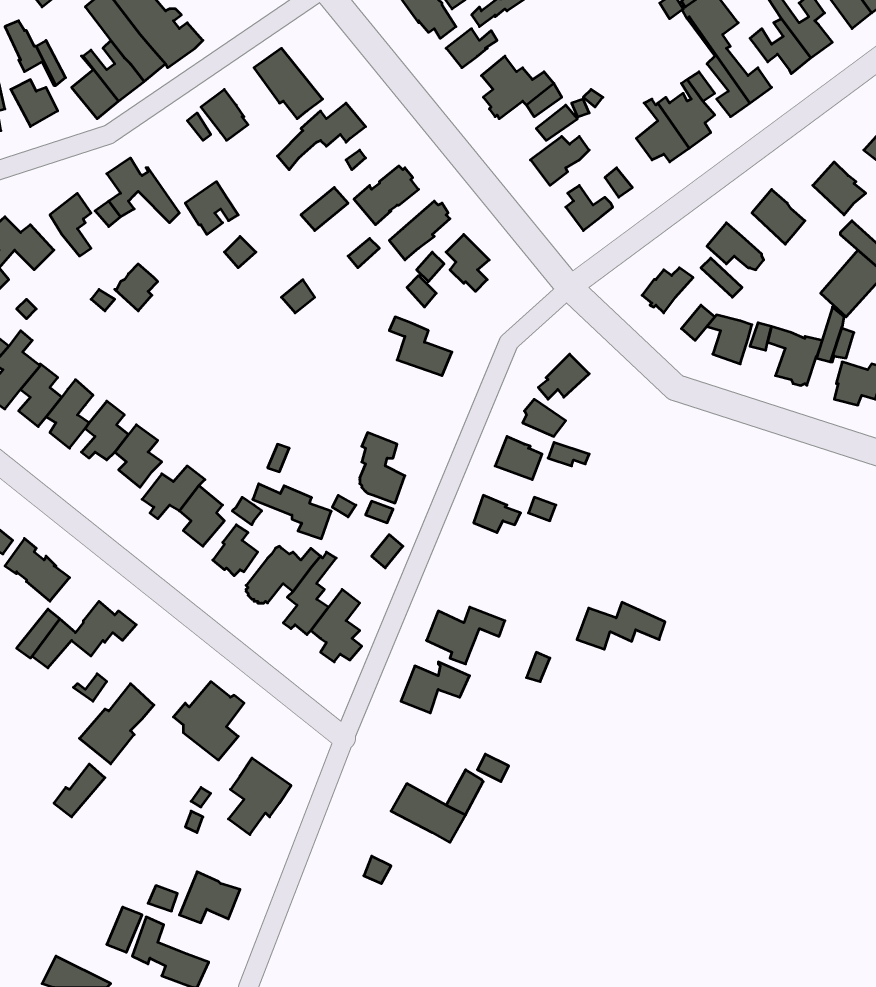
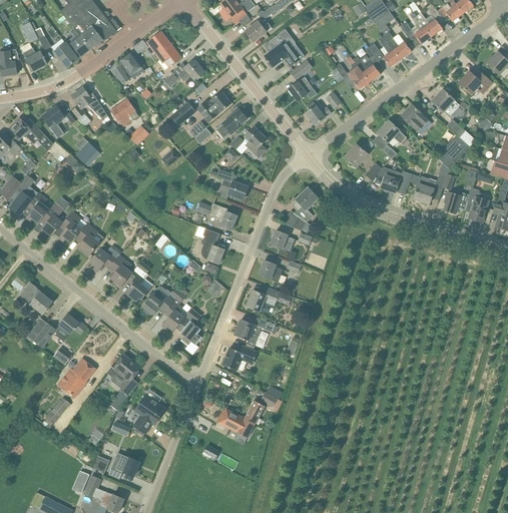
building: [253,484,331,539] -> [196,201,236,229]
building: [577,602,665,649] -> [245,287,291,311]

